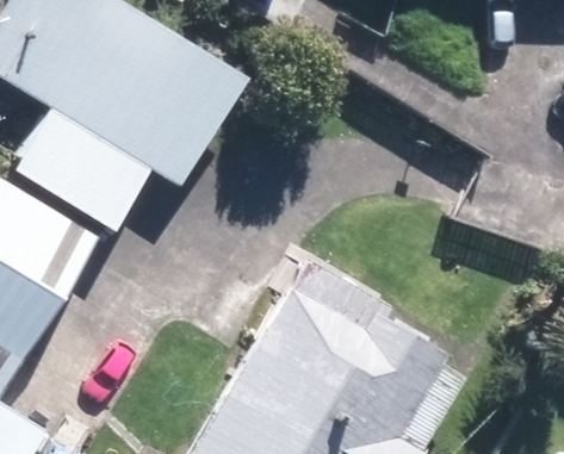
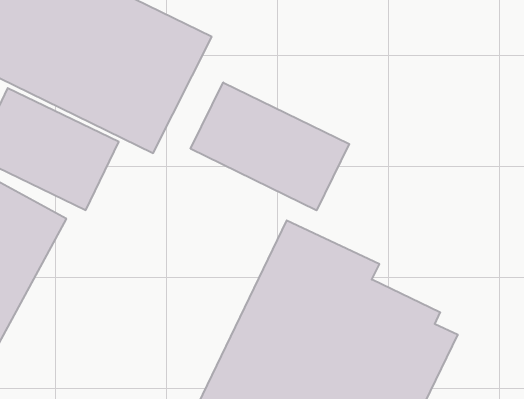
building: none -> [191,82,349,210]

